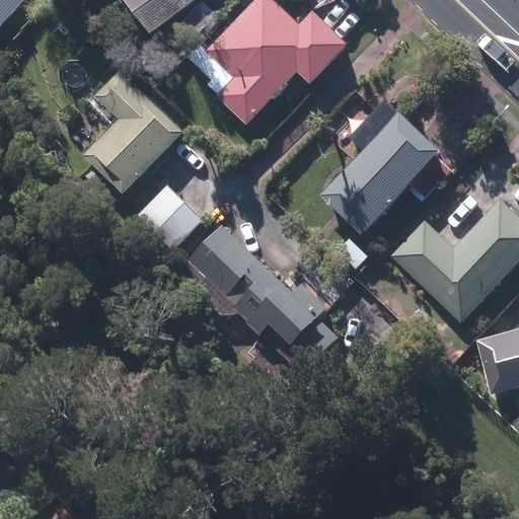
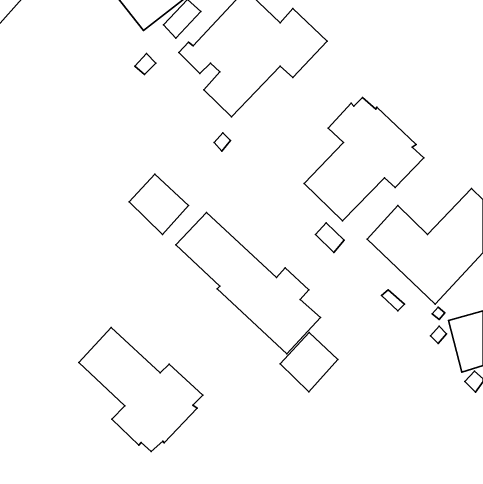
building: [84,72,182,194] -> none
building: none -> [79,328,203,452]
building: none -> [280,333,338,392]

